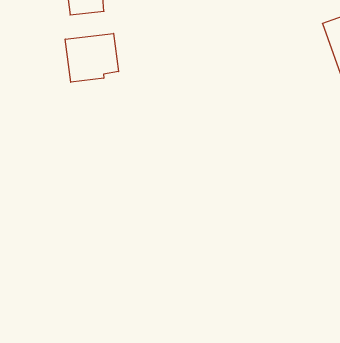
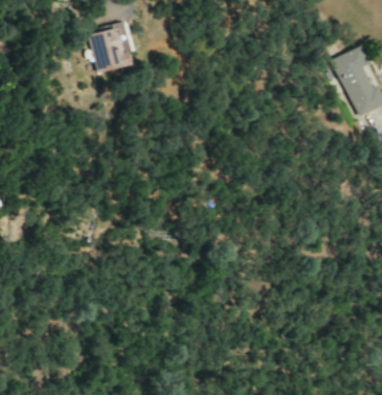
building: [65,33,119,82] -> none

